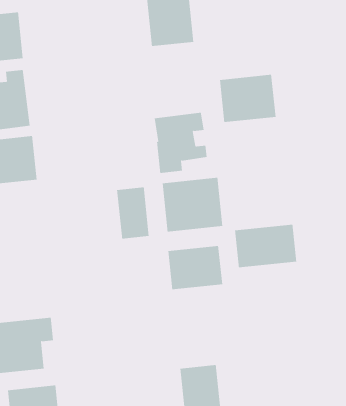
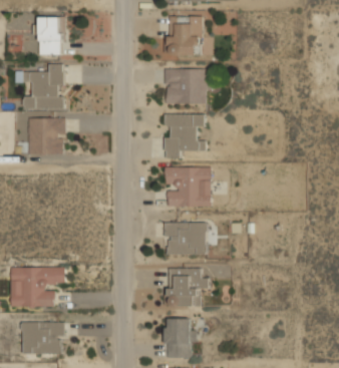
building: [219,74,276,123] -> [163,69,207,104]
building: [117,187,149,239] -> none
building: [234,224,297,268] -> none
building: none -> [166,268,208,308]

